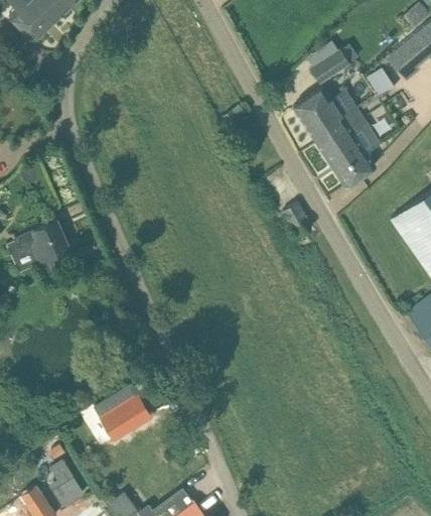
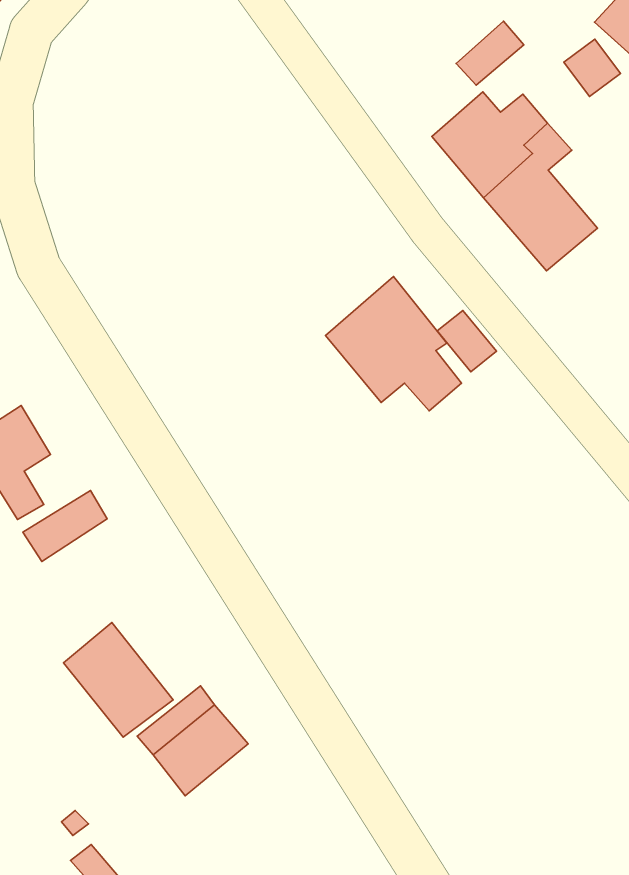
building: none -> [326,277,461,411]
building: none -> [23,491,107,561]
building: none -> [63,622,173,737]

